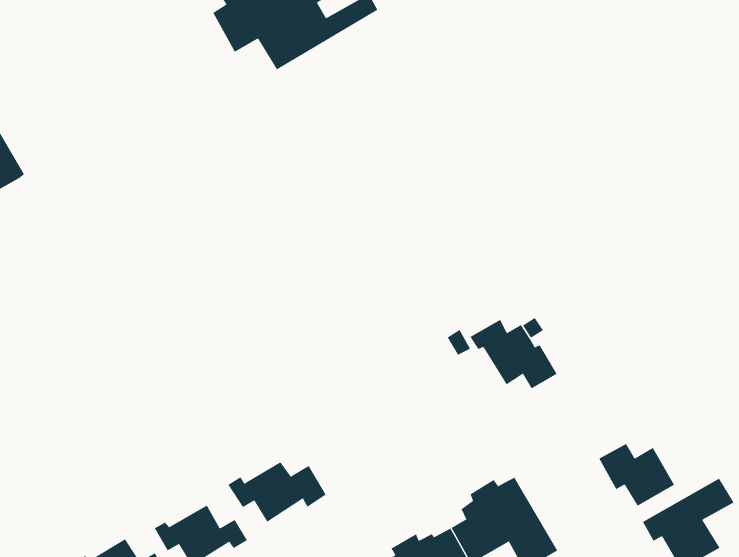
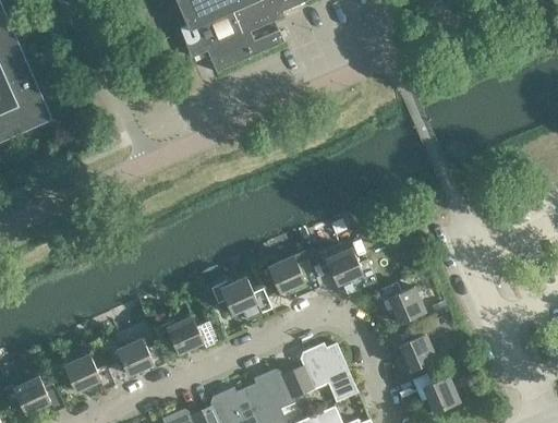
building: none -> [257,255,318,300]
building: none -> [378,281,424,323]
building: none -> [210,277,271,319]

